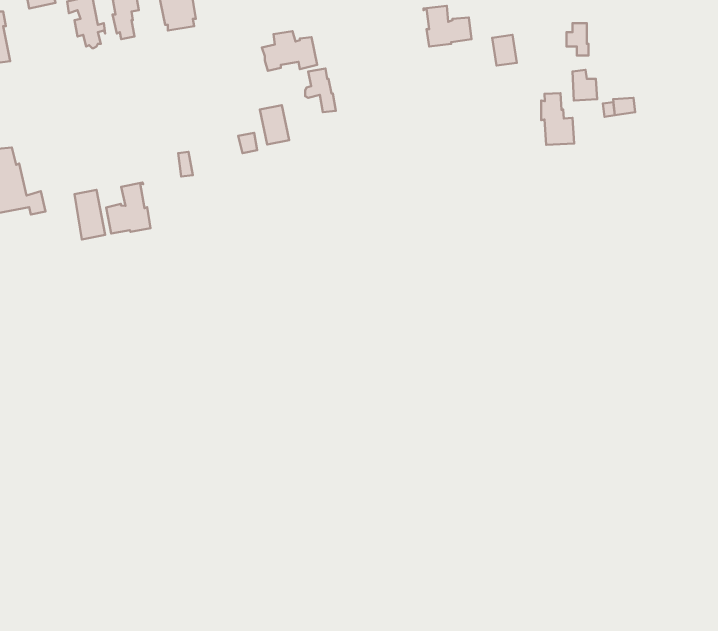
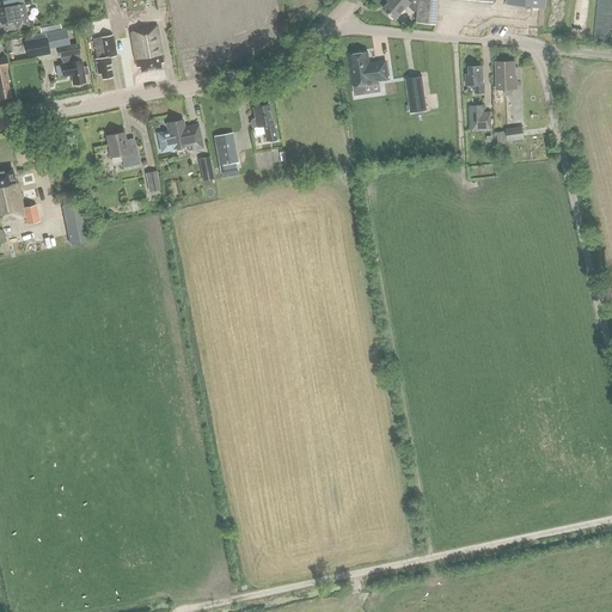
building: none -> [495,61,515,94]
building: [262,31,317,71] -> [157,120,202,152]
building: [541,93,574,145] -> none
building: none -> [105,131,139,167]
building: [106,183,150,234] -> none

